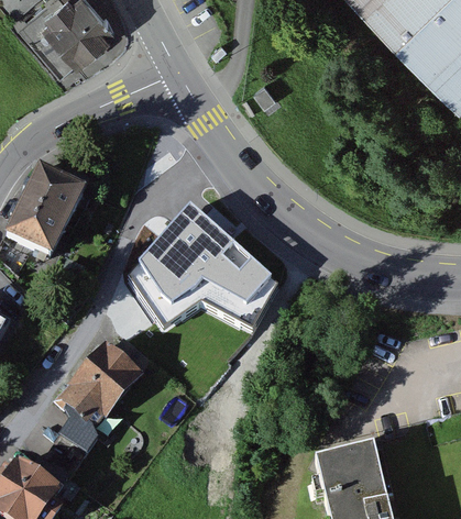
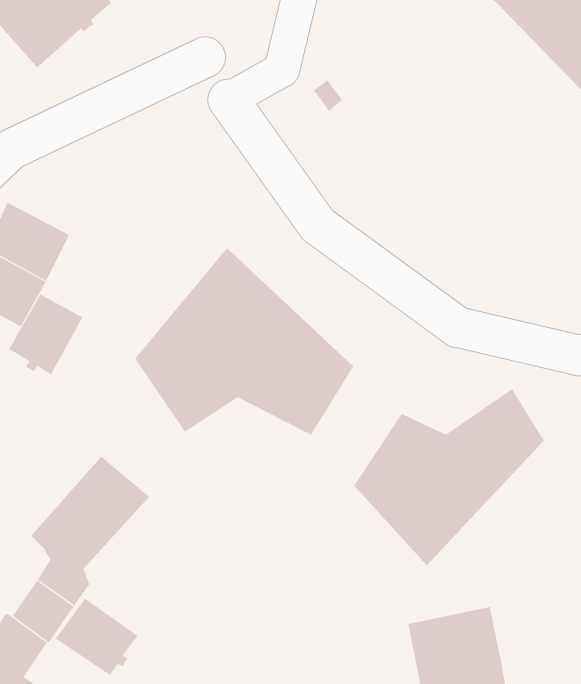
building: none -> [9,293,83,375]
building: none -> [353,388,545,566]
building: none -> [55,598,139,676]

